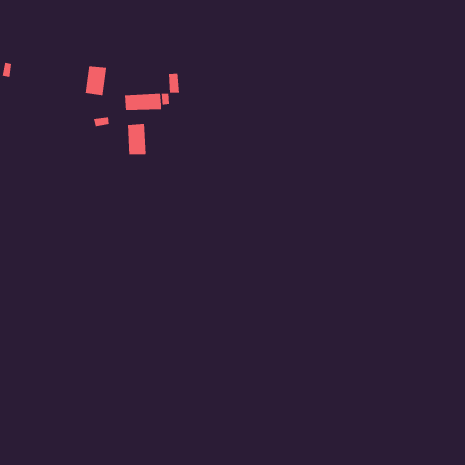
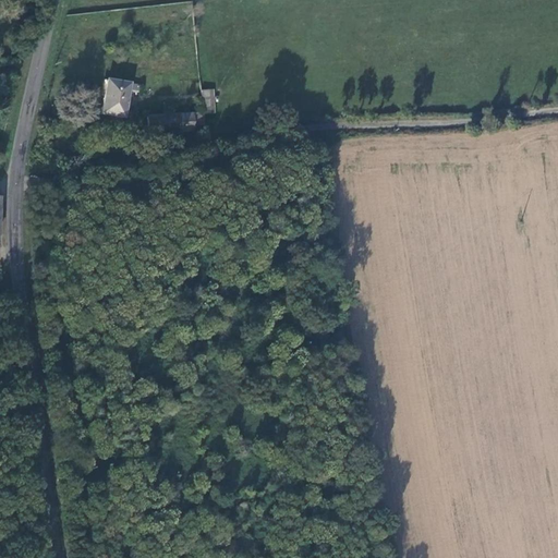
building: [127,123,146,155] -> none

